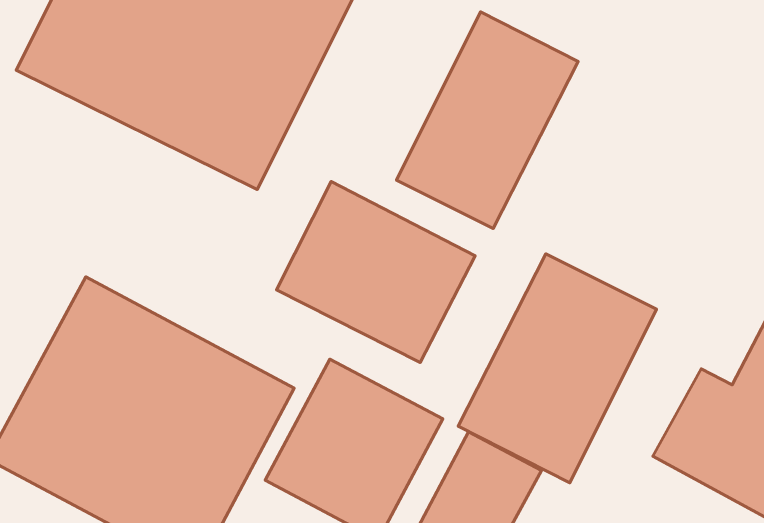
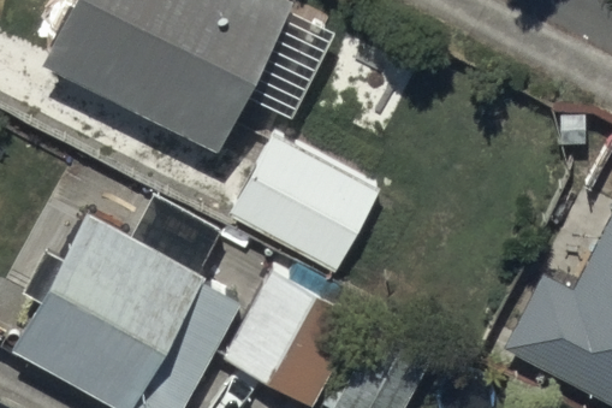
building: [396,12,578,228] -> none
building: [458,254,657,483] -> none

